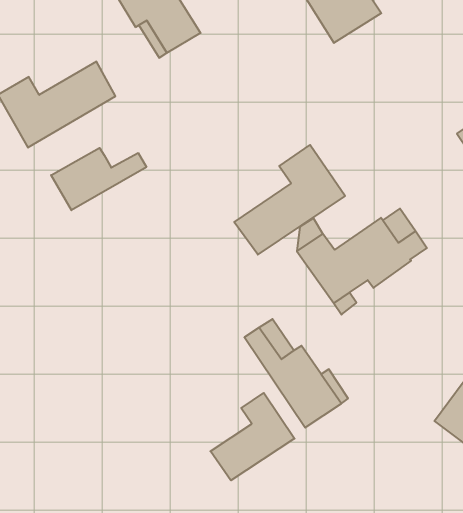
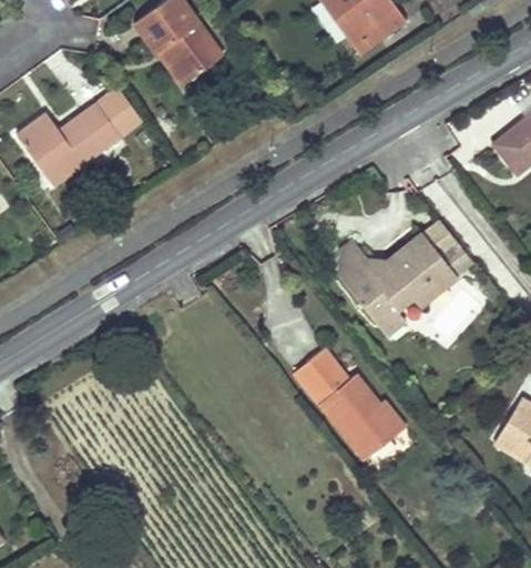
building: [234,145,345,255] -> none
building: [51,148,146,210] -> none
building: [210,393,295,480] -> none

